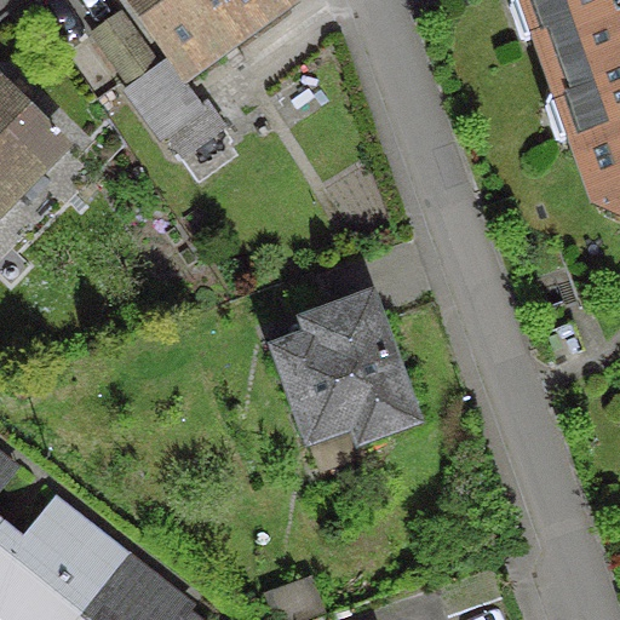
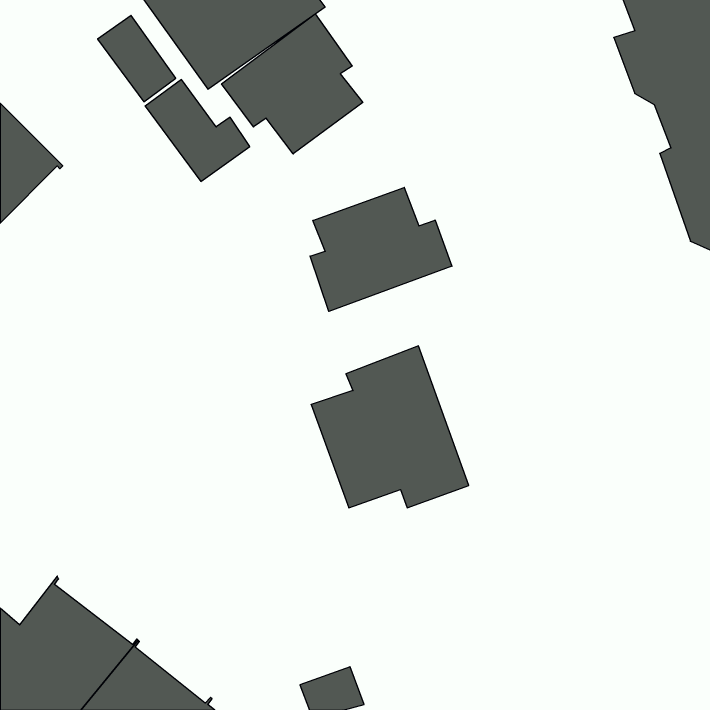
building: none -> [222,14,363,154]
building: none -> [310,187,452,311]

